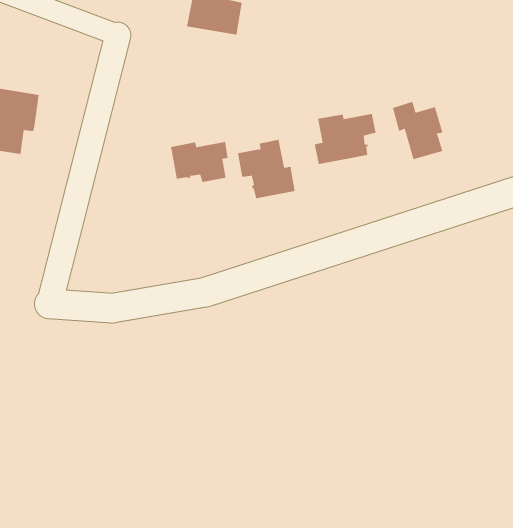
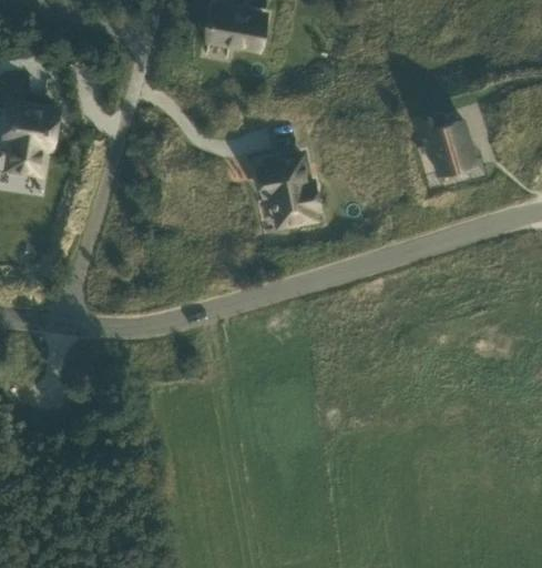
building: [314,113,376,165] -> none
building: [170,141,228,183] -> none

